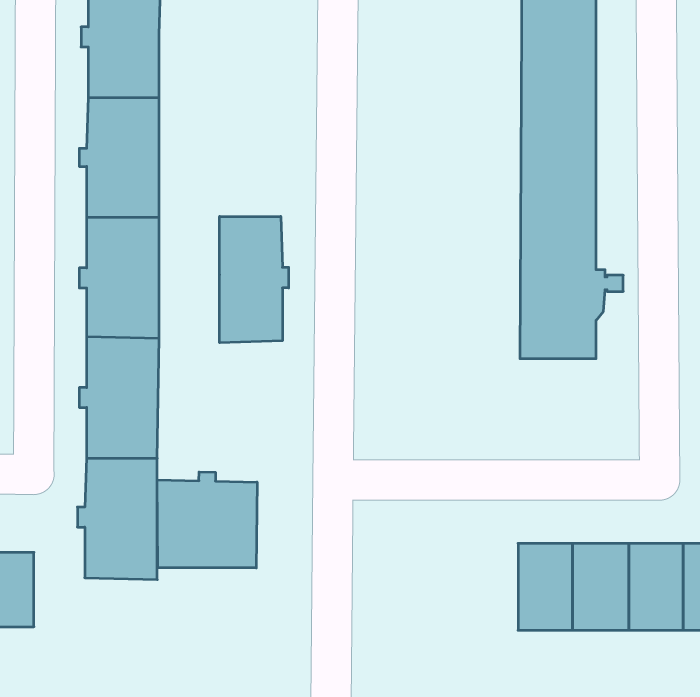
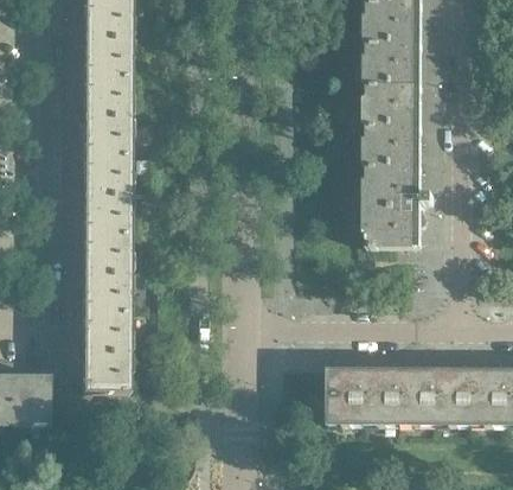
building: [220,216,289,343] -> none
building: [157,472,257,568] -> none
building: none -> [329,368,366,425]

